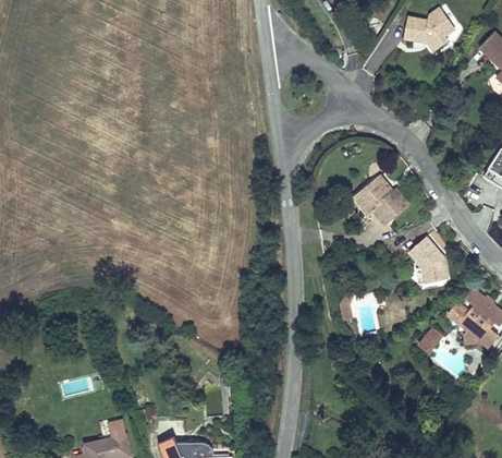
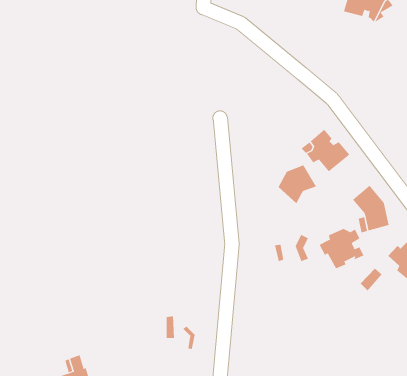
building: none -> [278,165,317,204]
building: none -> [319,228,364,269]

